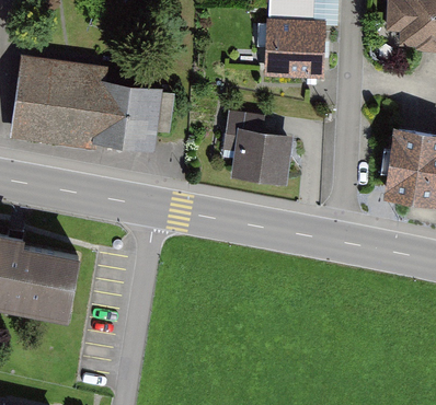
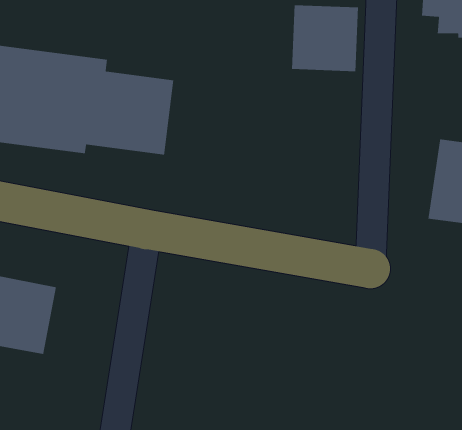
building: [220,114,291,186] -> none

